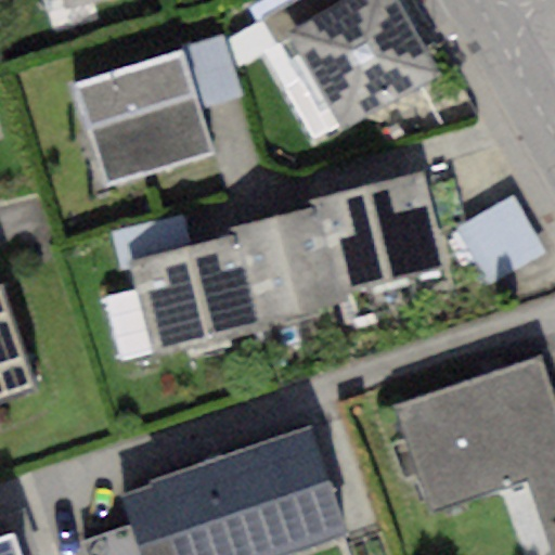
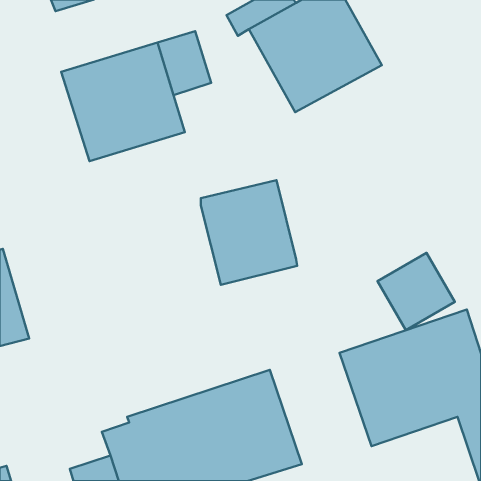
building: [315,173,449,298] -> none
building: [454,195,543,284] -> [377,253,455,330]
building: [130,236,256,360] -> none

